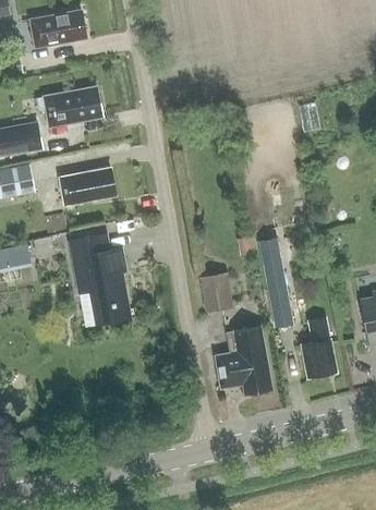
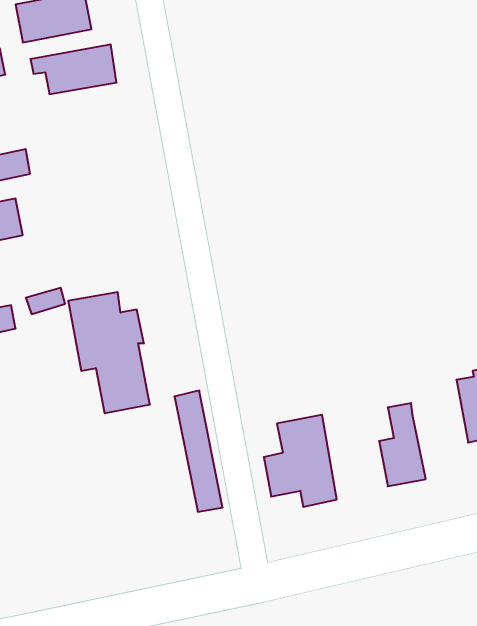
building: [36,88,100,125] -> [30,44,117,94]
building: [60,168,116,205] -> none
building: [258,238,294,328] -> [174,391,223,512]
building: [201,272,232,312] -> none

